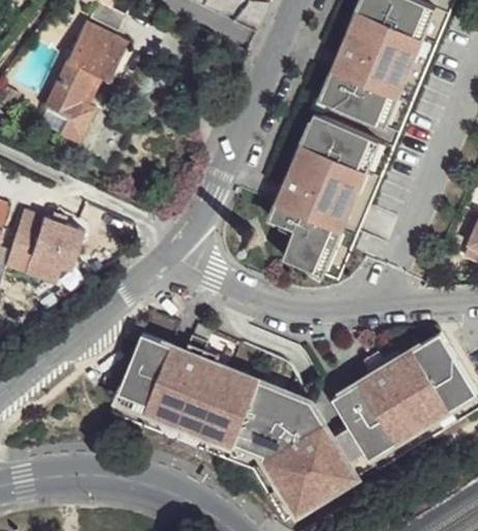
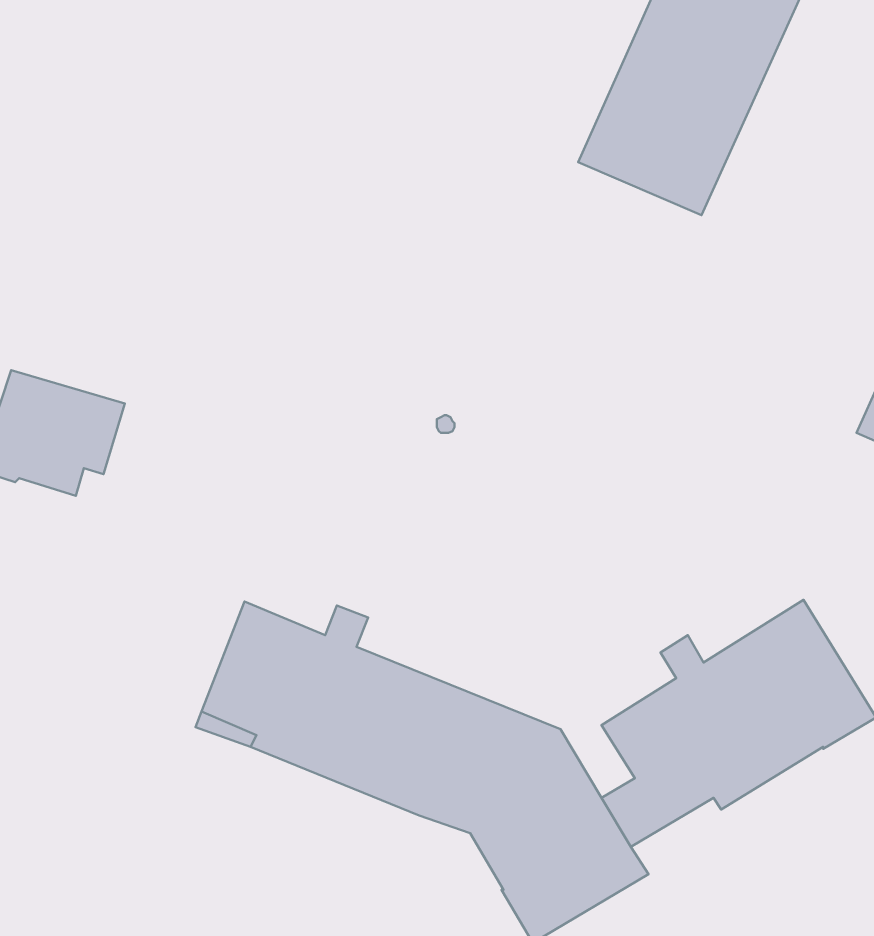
building: [43,23,124,143] -> none
building: [270,116,379,277] -> none

